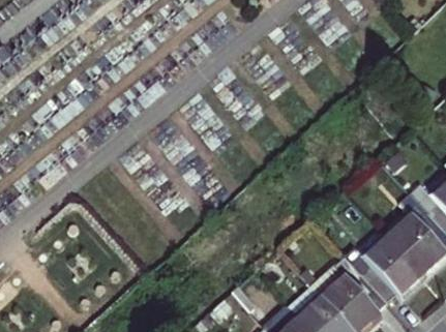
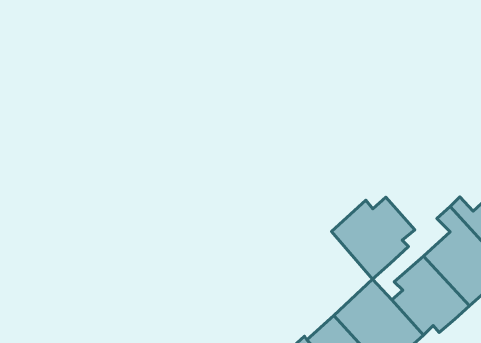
building: none -> [332,197,415,279]

